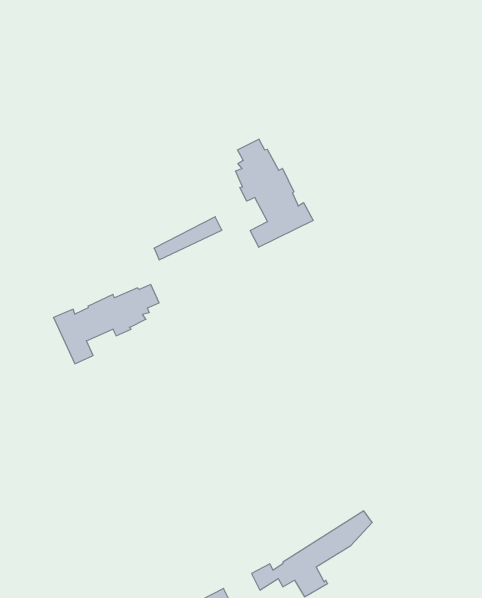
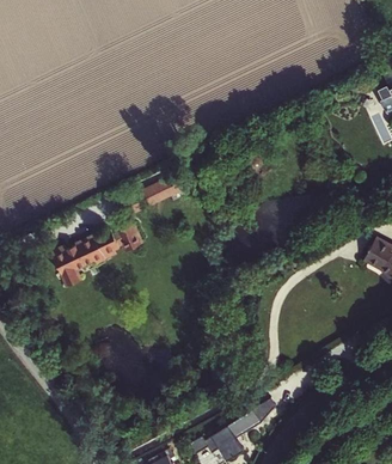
building: [235,139,313,247] -> none

